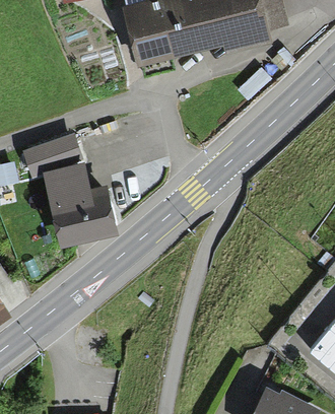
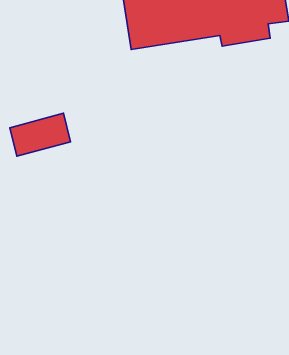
building: [44,165,116,241] -> none

